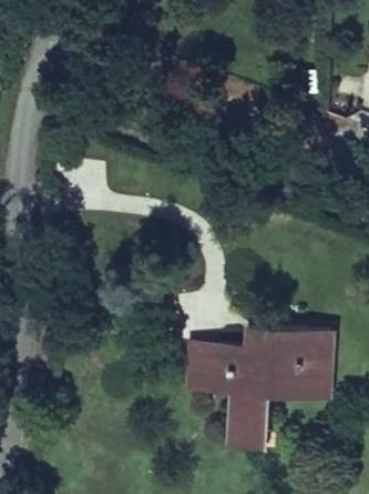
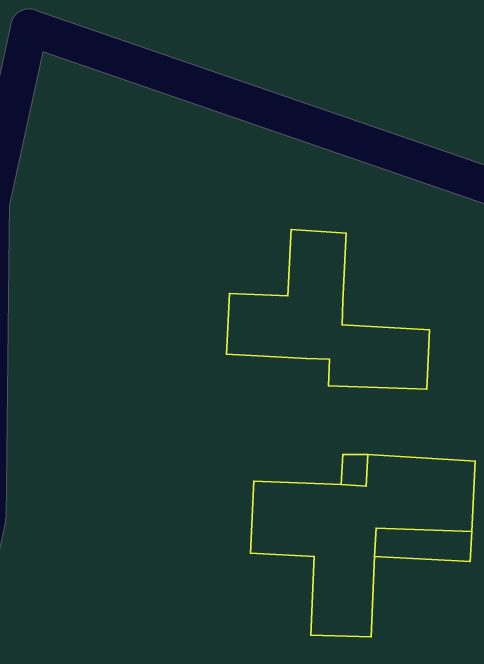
building: none -> [227,230,429,389]

